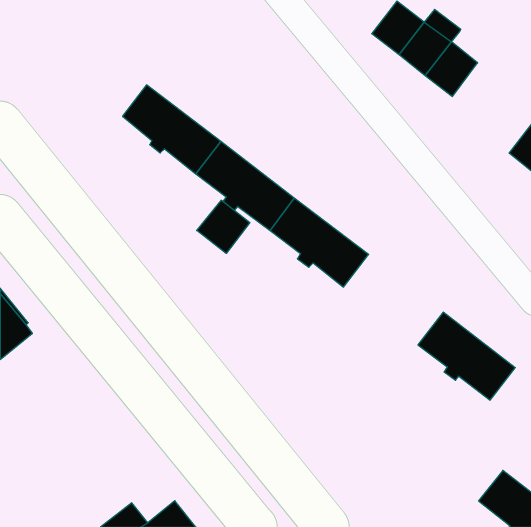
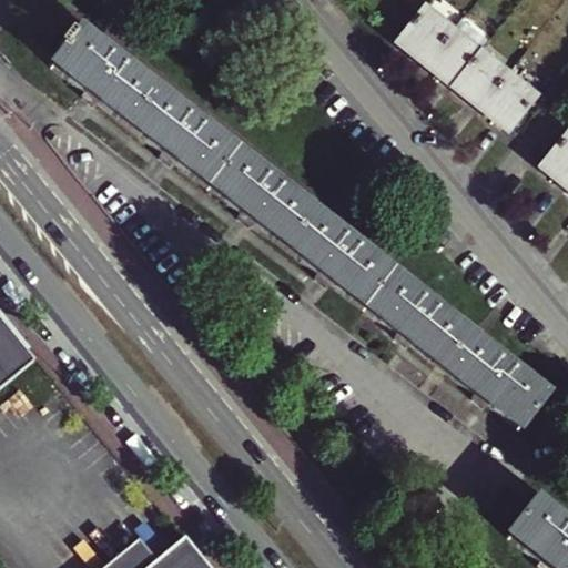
building: none -> [54,29,160,123]
building: none -> [484,67,538,124]
building: [197,200,250,253] -> none
building: none -> [368,270,474,365]

